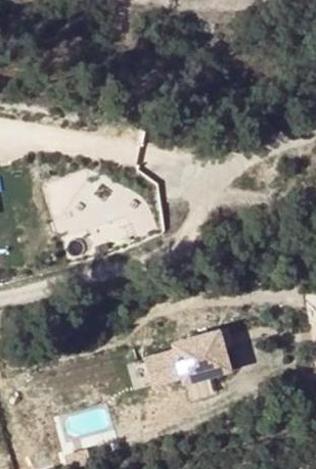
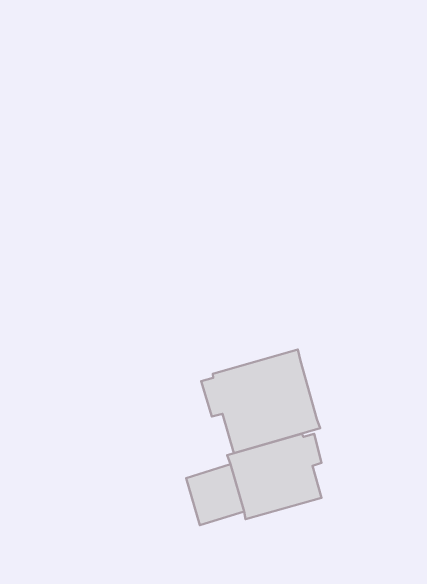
building: none -> [201,349,320,453]

